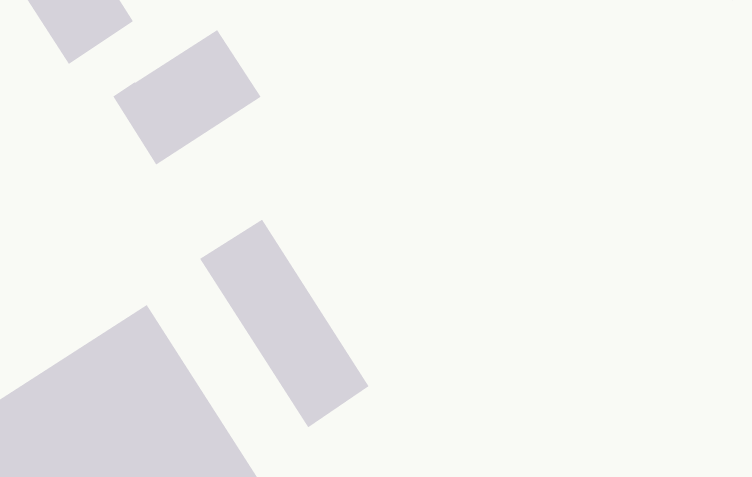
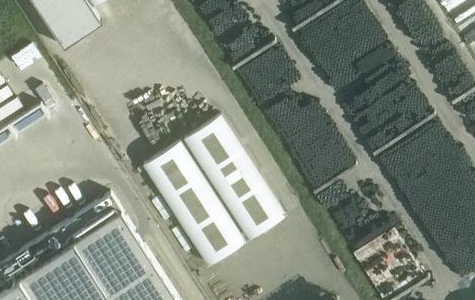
building: [112,29,262,165] -> none
building: none -> [184,115,287,241]

